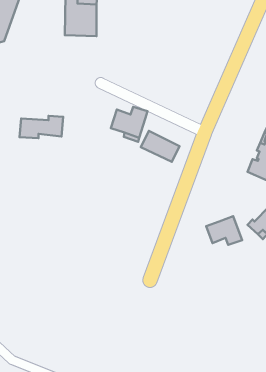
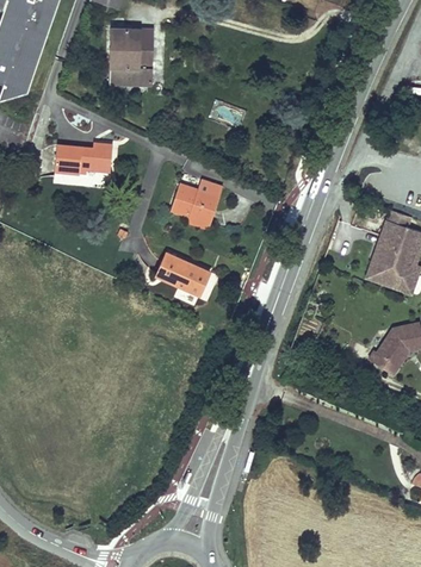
building: [20,116,63,138] -> [51,143,112,174]
building: [141,131,179,162] -> [160,257,213,300]
building: [206,216,242,245] -> none

